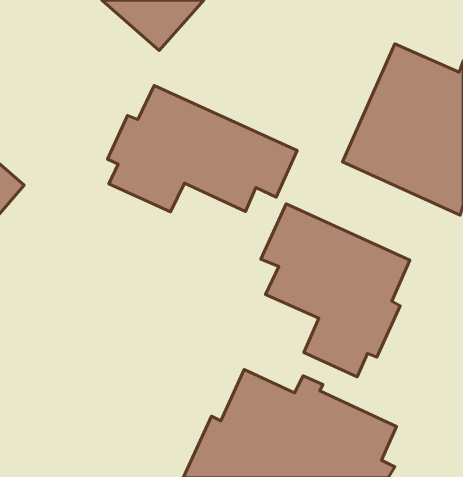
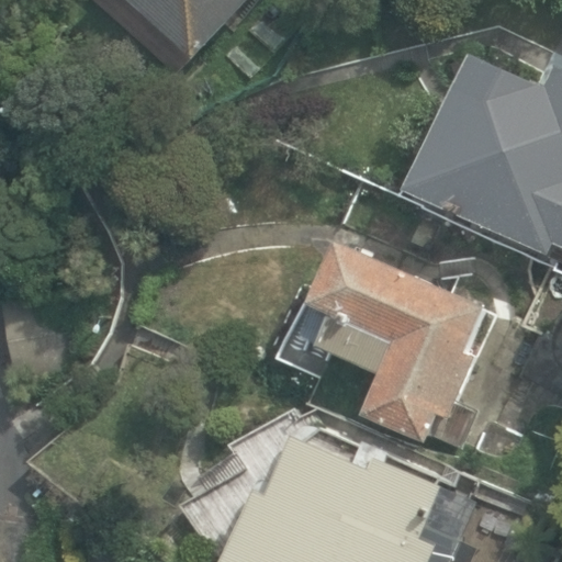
building: [108,86,297,212] -> none

